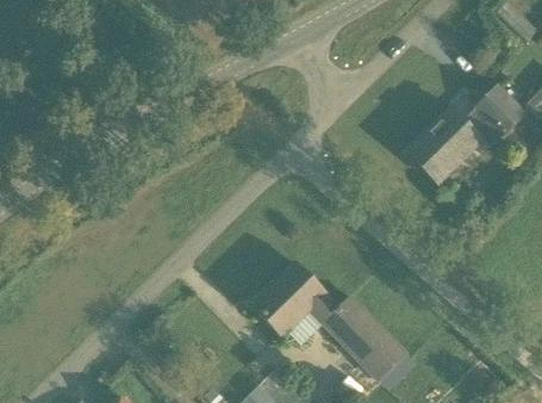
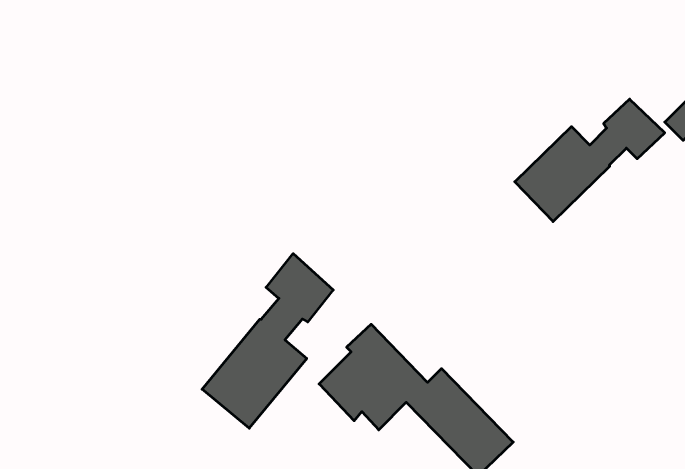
building: none -> [202,254,333,428]

